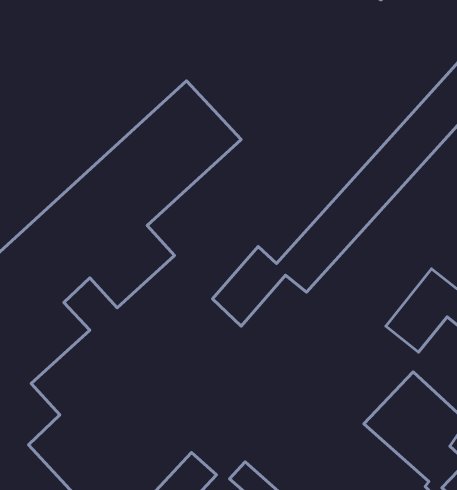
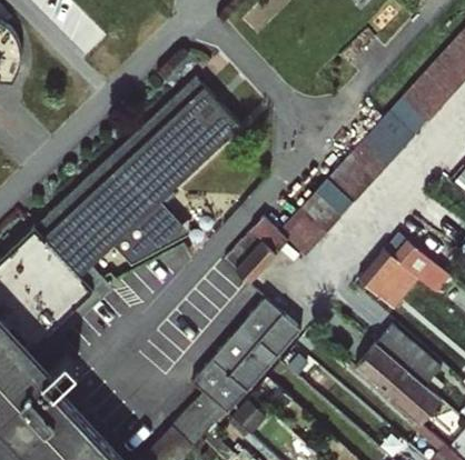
building: none -> [191,300,303,416]

